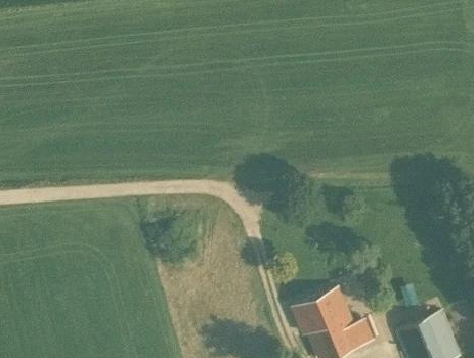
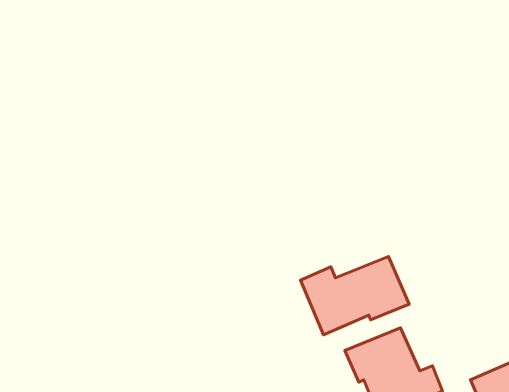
building: none -> [301,256,409,335]

